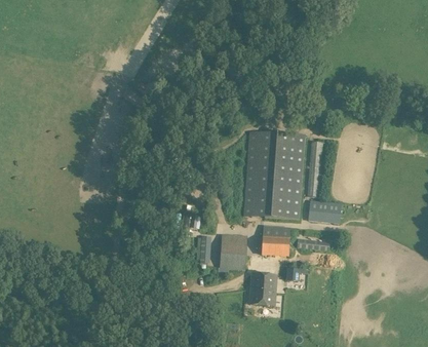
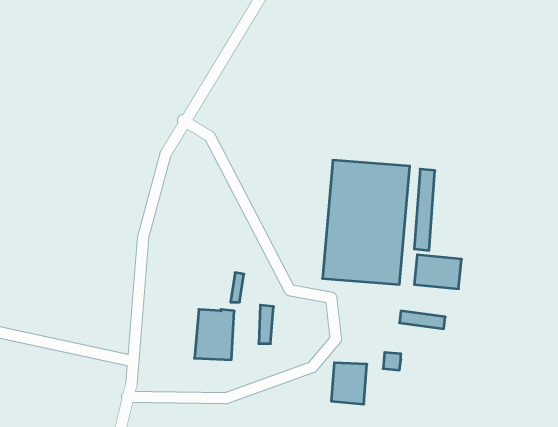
building: [261,224,289,256] -> none
building: [219,233,246,268] -> [194,309,234,360]

